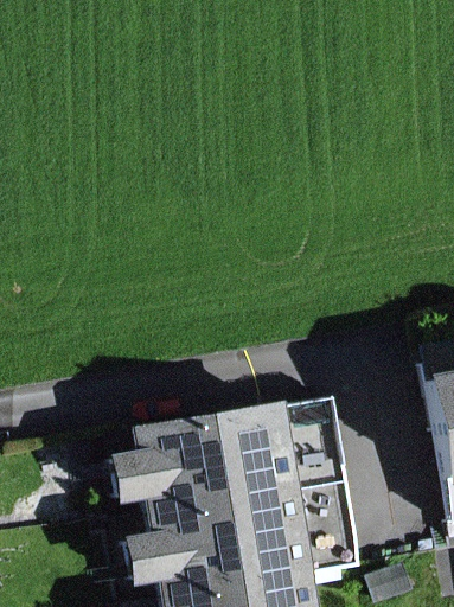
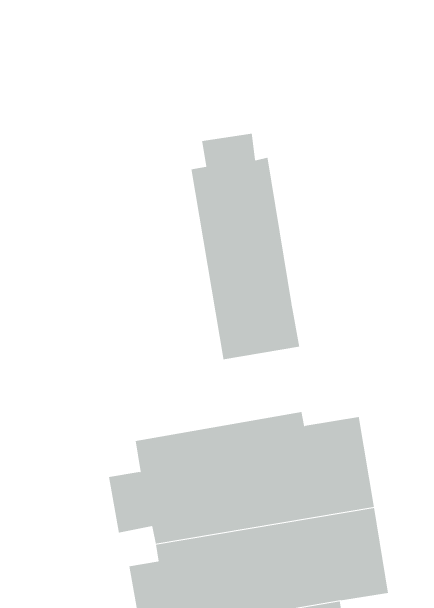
building: none -> [191,133,300,360]

